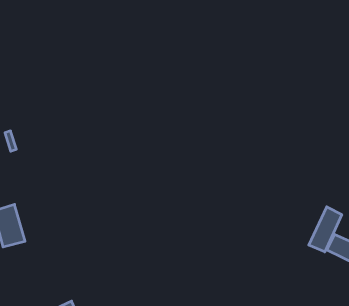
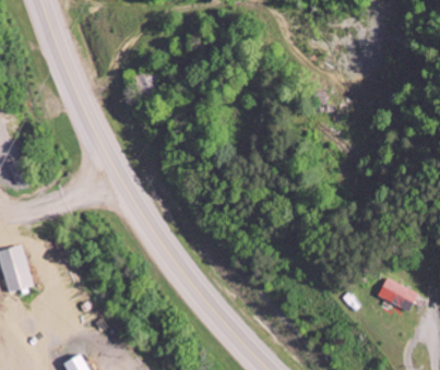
building: [309,207,342,252] -> none

